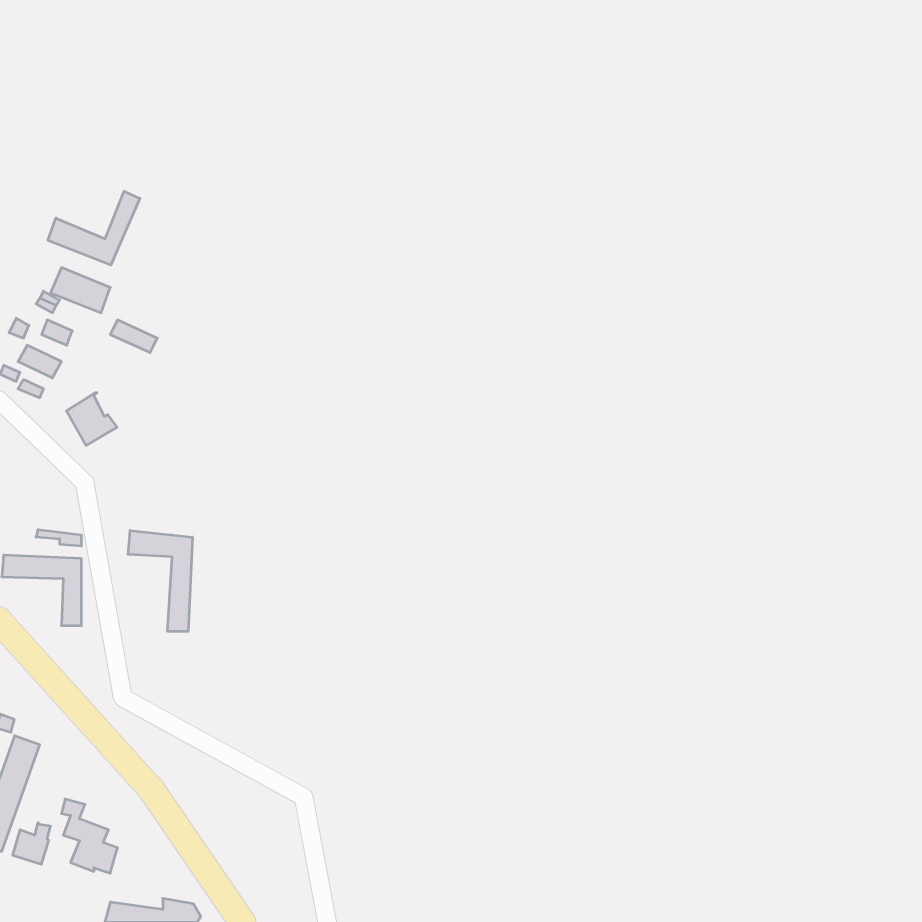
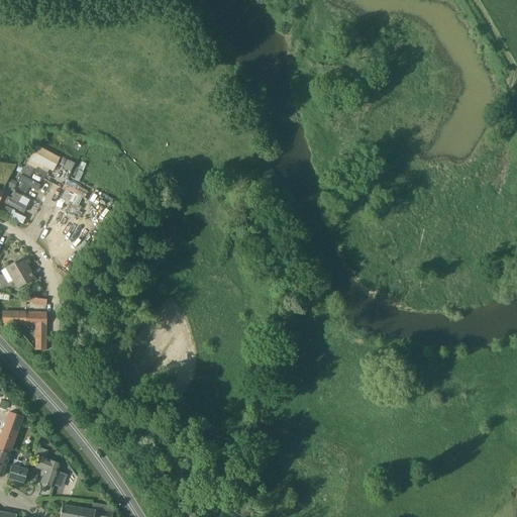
building: [48,191,140,265] -> none
building: [66,393,117,445] -> [6,258,34,288]
building: [128,530,192,631] -> none

